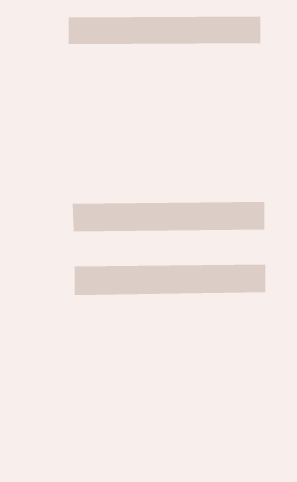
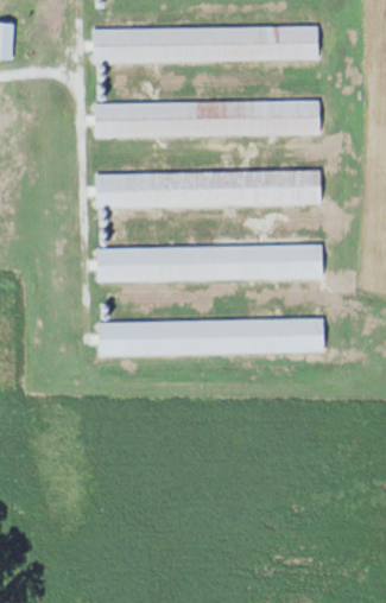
building: none -> [94,100,319,135]
building: none -> [95,170,322,205]

